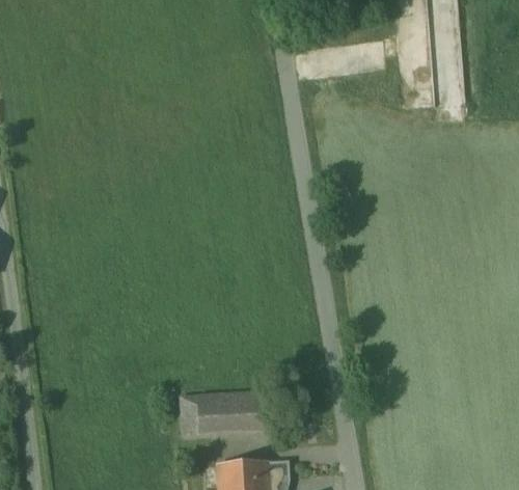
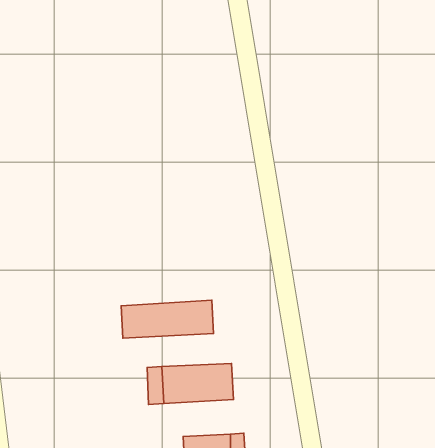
building: none -> [121,300,214,338]

